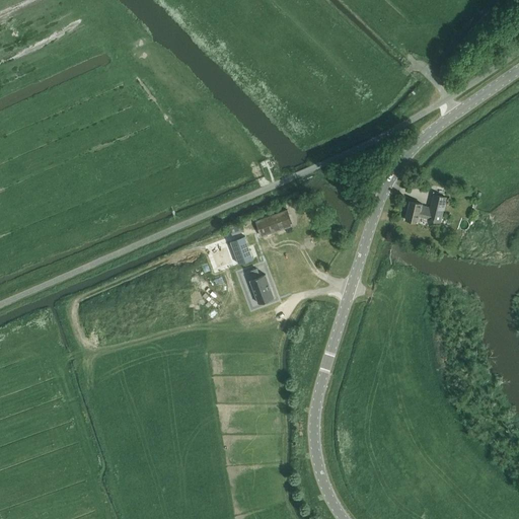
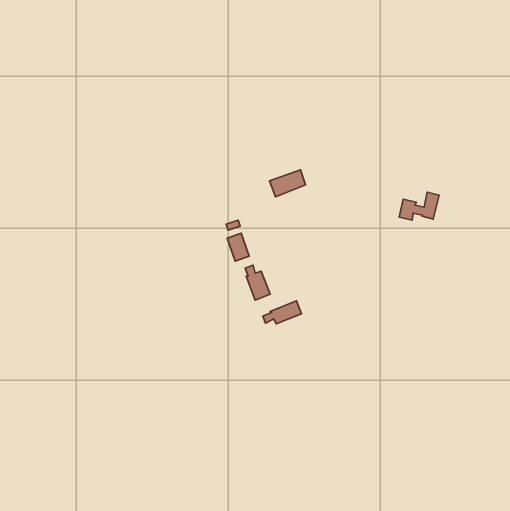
building: [255,210,292,237] -> [269,170,305,197]
building: none -> [263,301,302,324]

